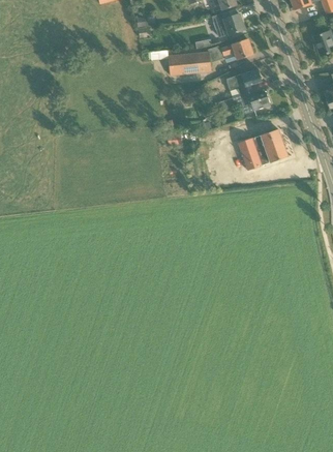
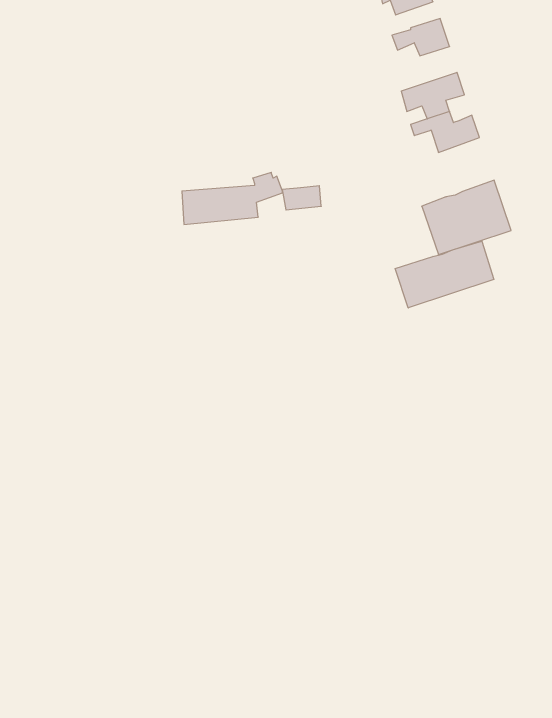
building: [169,47,224,76] -> [182,172,282,224]
building: none -> [395,241,494,308]

